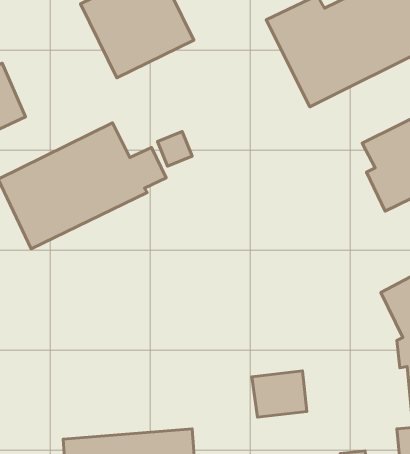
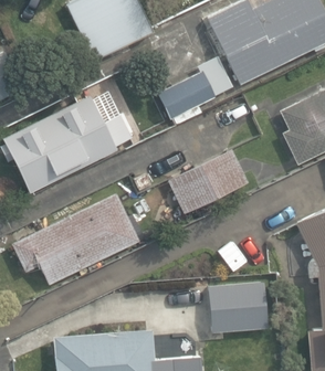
building: none -> [158,57,231,118]
building: none -> [168,150,249,214]
building: none -> [11,193,139,285]

